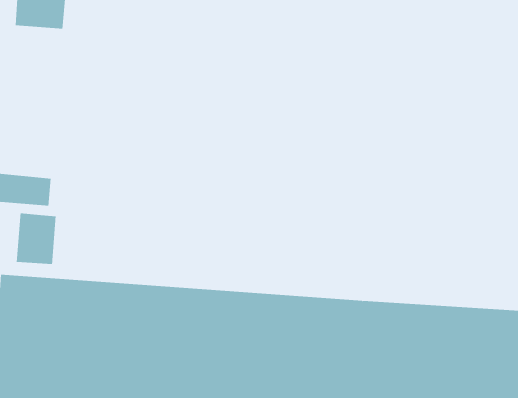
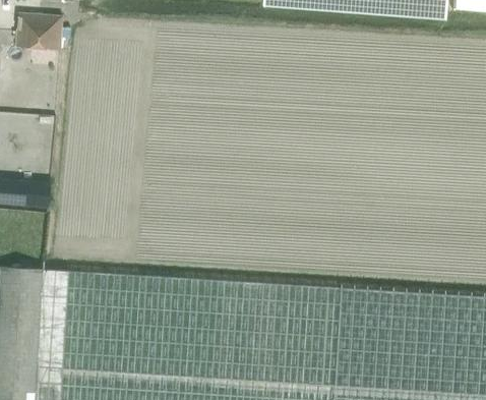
building: [16,213,56,265] -> none

